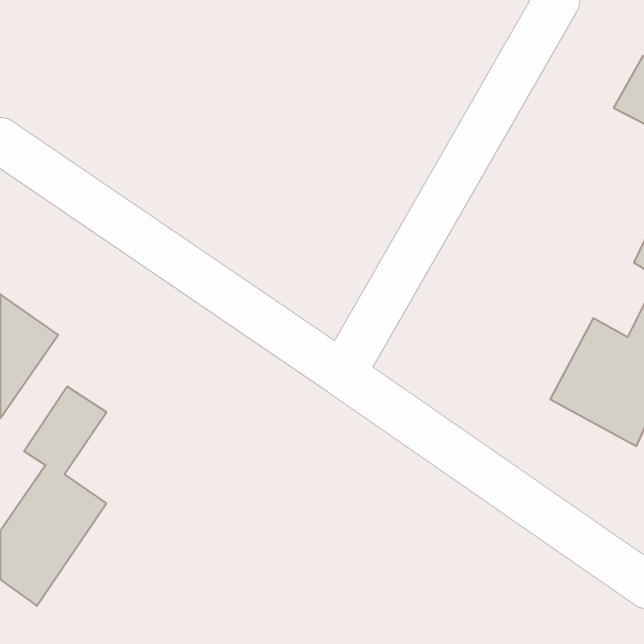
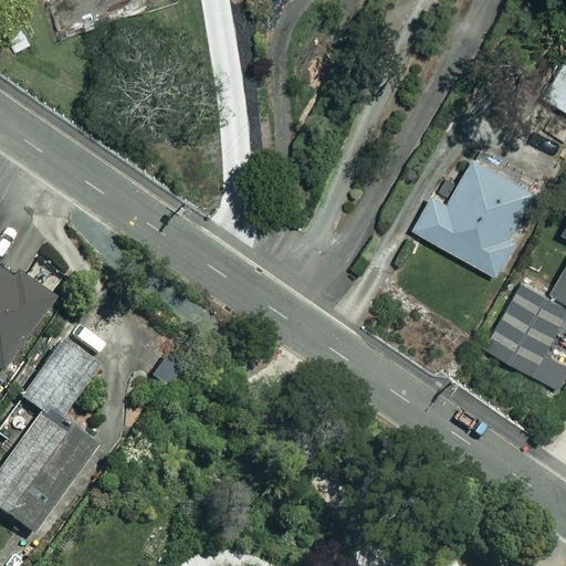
building: none -> [417,161,532,276]

